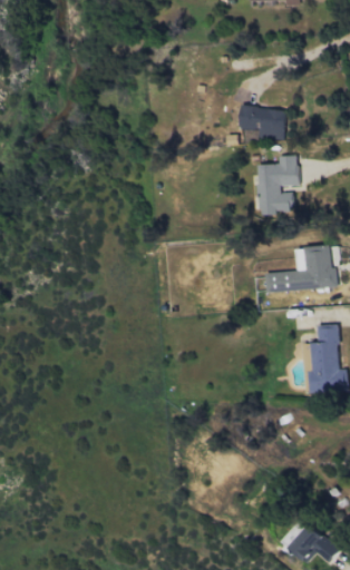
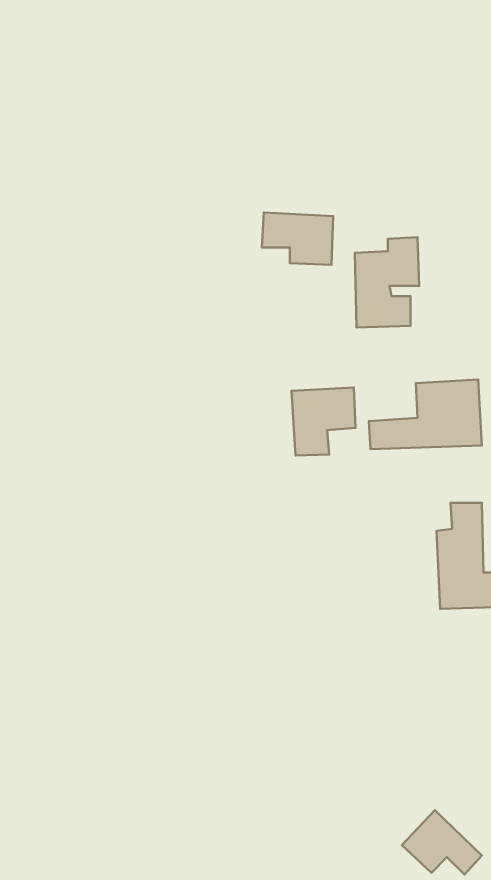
building: [240,107,285,140] -> [262,213,333,265]
building: none -> [292,388,356,456]

